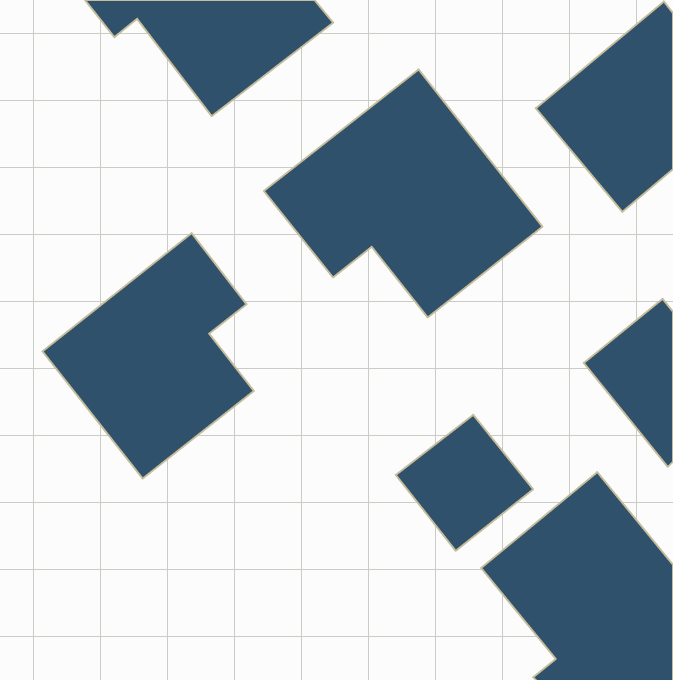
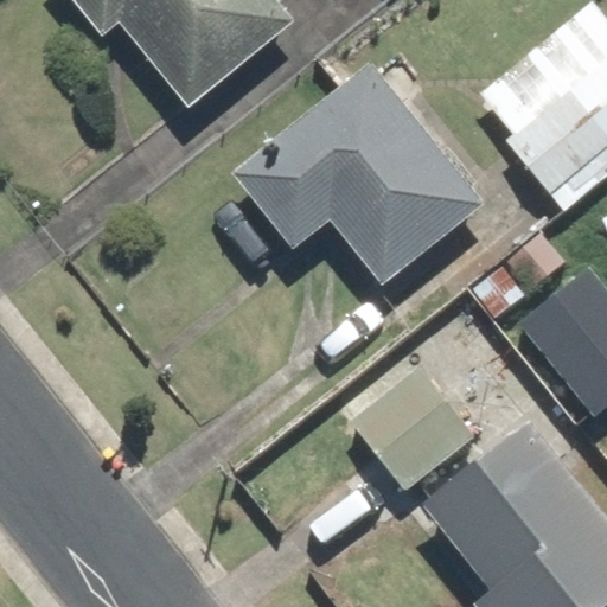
building: [42,233,254,479] -> none

